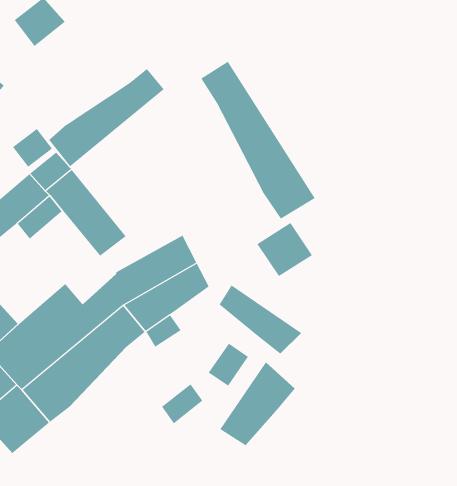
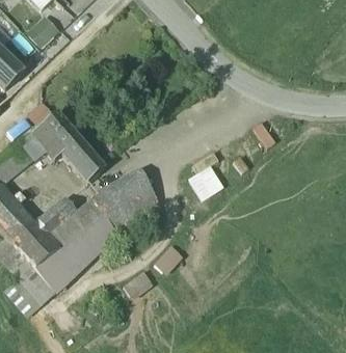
building: [201,61,315,220] -> none
building: [48,68,165,167] -> none
building: [219,285,302,355] -> none
building: [219,362,295,446] -> none

